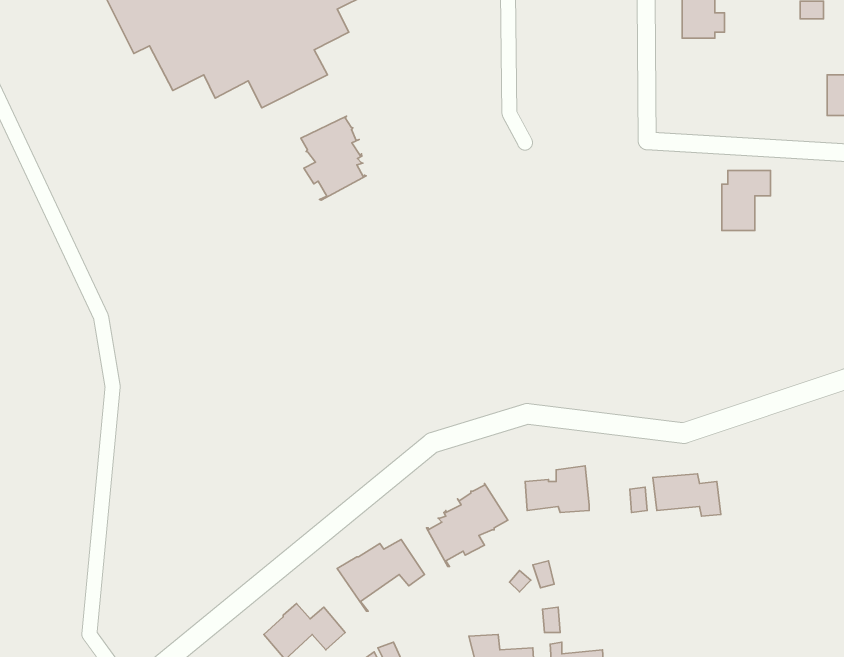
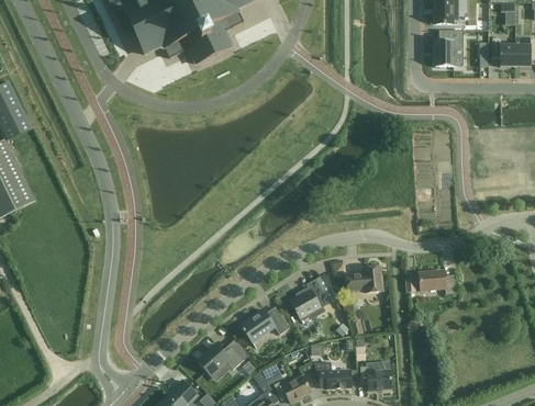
building: none -> [494,37,516,67]
building: [301,116,366,200] -> none
building: [722,171,770,231] -> [434,35,461,69]

